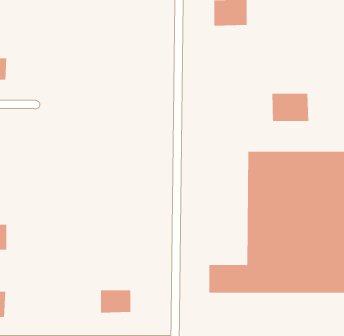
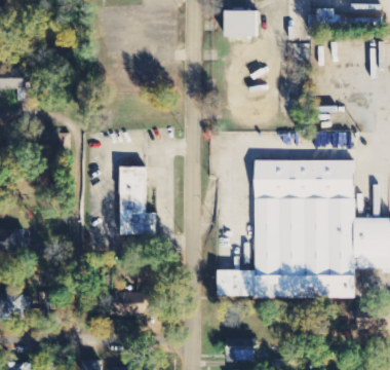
building: [272,93,309,122] -> none
building: none -> [118,168,154,235]

